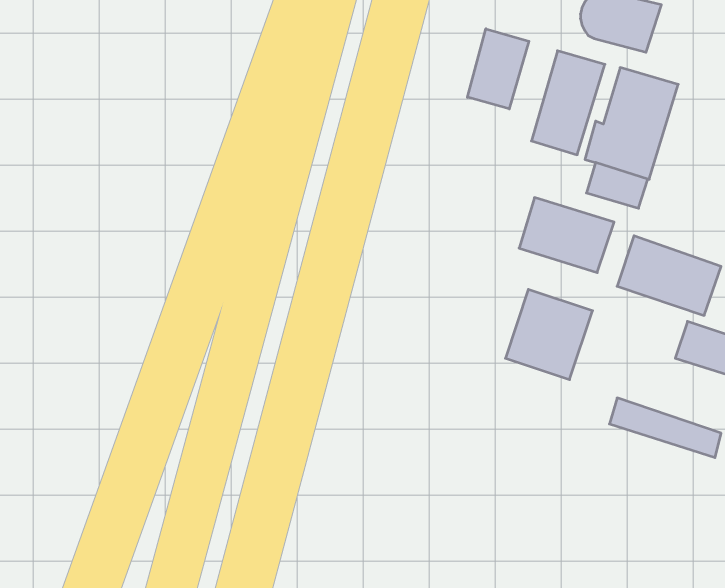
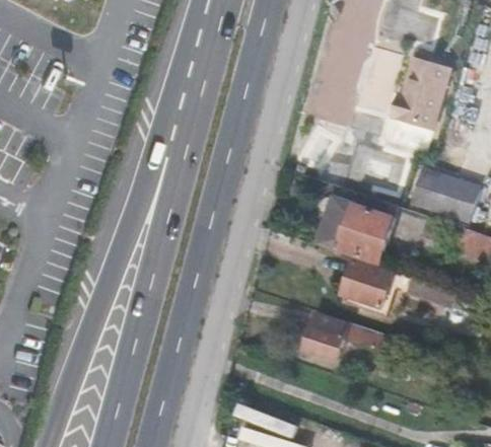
building: [467,29,529,109] -> none
building: none -> [315,196,351,248]
building: none -> [340,257,393,309]
building: none -> [301,311,400,360]

